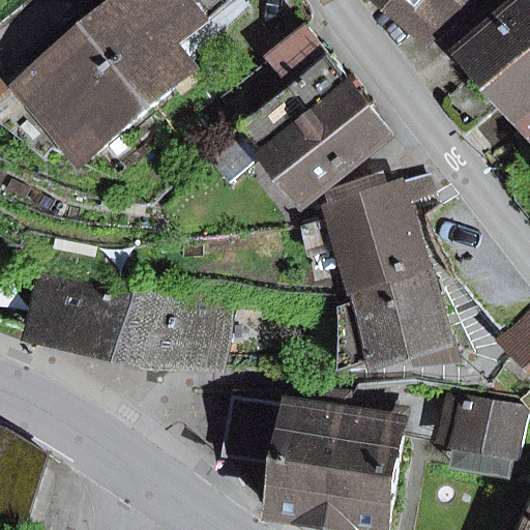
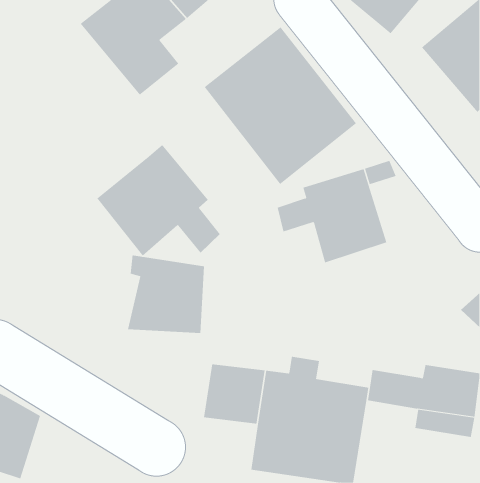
building: [17,26,152,163] -> none
building: none -> [97,144,221,256]
building: [336,265,454,373] -> none
building: [36,275,152,360] -> none

